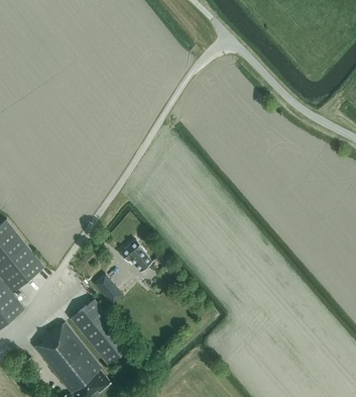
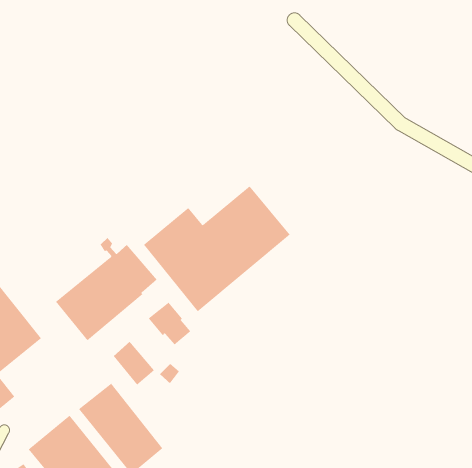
building: none -> [143,186,290,312]
building: none -> [55,237,157,341]

